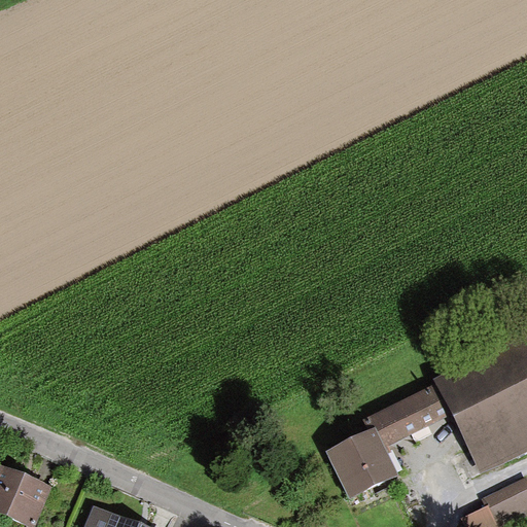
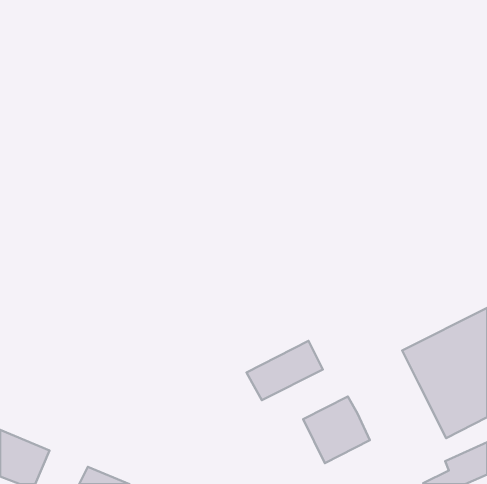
building: [370,383,452,447] -> [246,341,323,400]

